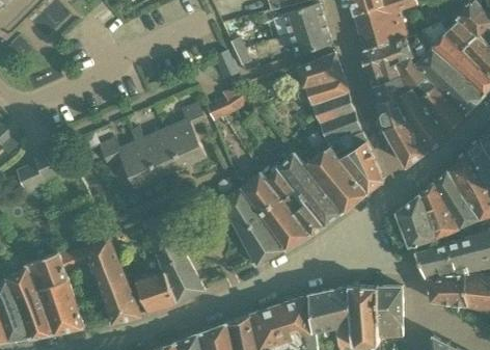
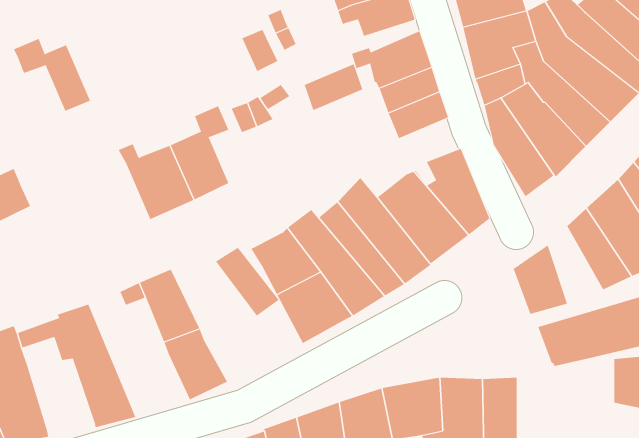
building: [320,111,360,143] -> [304,64,363,111]
building: [98,138,151,188] -> [13,38,91,112]
building: [421,185,459,238] -> none
building: none -> [215,247,279,316]
building: [136,272,178,312] -> none
building: [426,275,466,305] -> none

